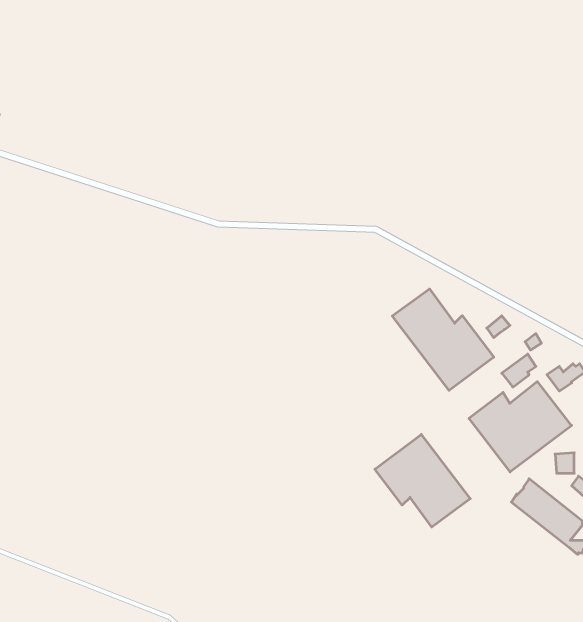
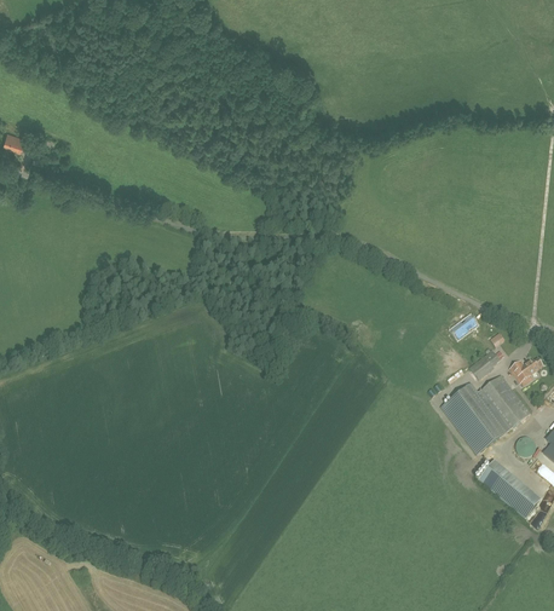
building: [392,289,494,390] -> none
building: [375,434,470,527] -> none

